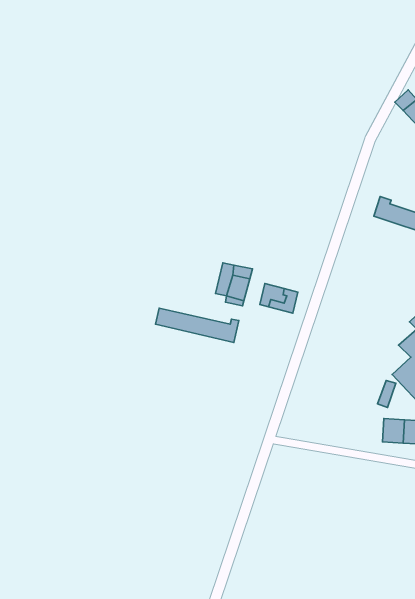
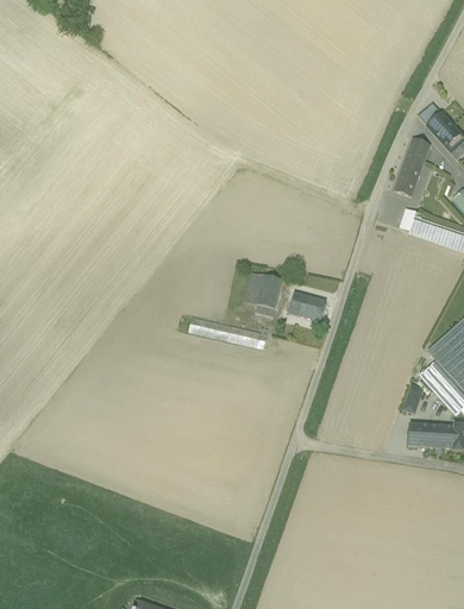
building: none -> [395,139,429,196]

